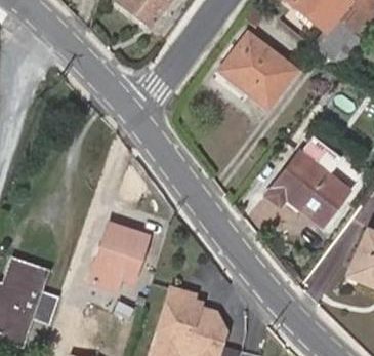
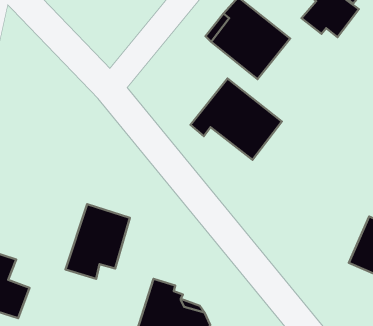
building: [266,152,349,226] -> [190,79,282,160]

